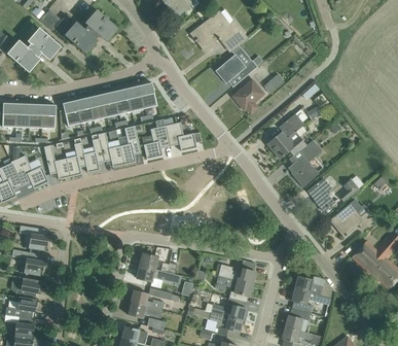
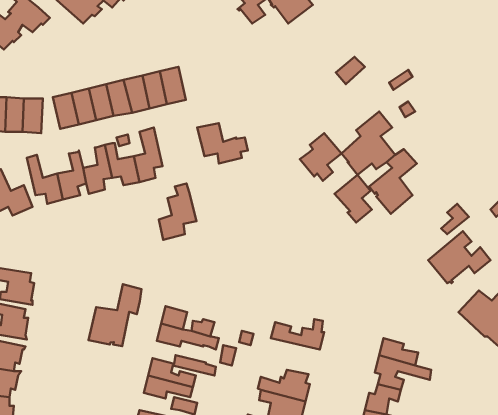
building: [216,54,257,82] -> none
building: [234,79,264,113] -> [300,133,342,181]
building: [144,118,171,159] -> [159,184,196,240]
building: [307,177,334,211] -> [334,175,372,223]
building: none -> [88,284,141,346]
building: [215,275,253,301] -> none

